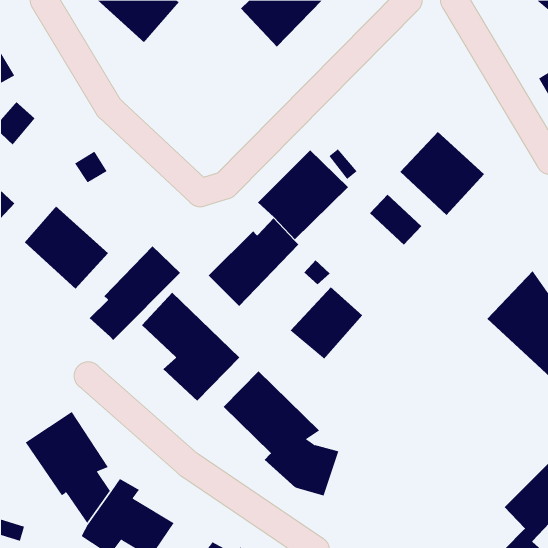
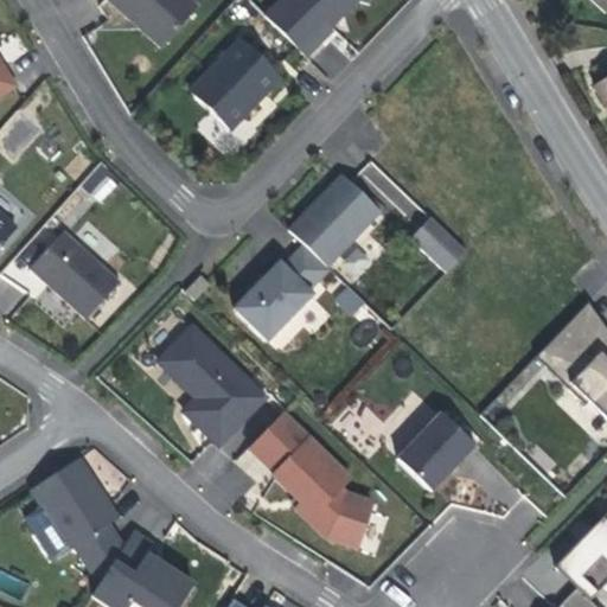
building: none -> [189,37,283,130]
building: [399,131,485,216] -> none
building: [89,246,181,341] -> none
building: [290,286,363,360] -> [397,408,478,488]

